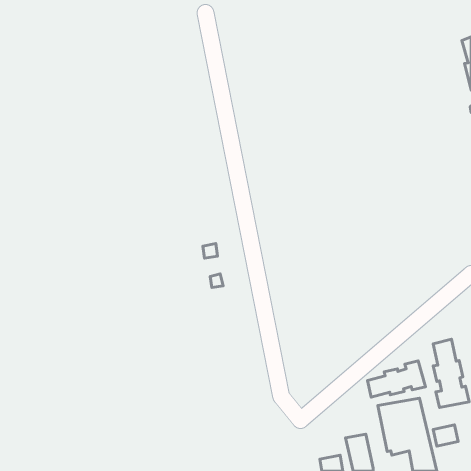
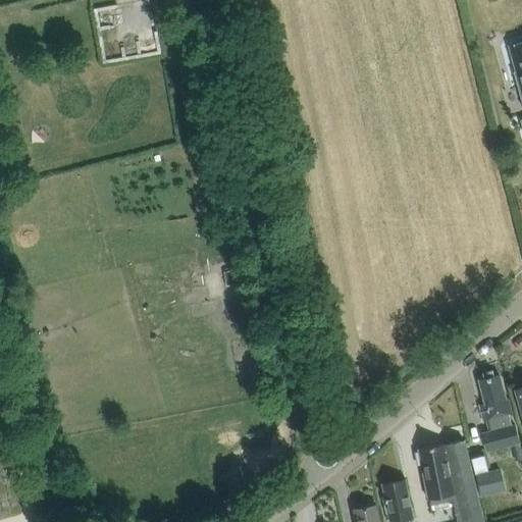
building: [367,361,425,397] -> none

